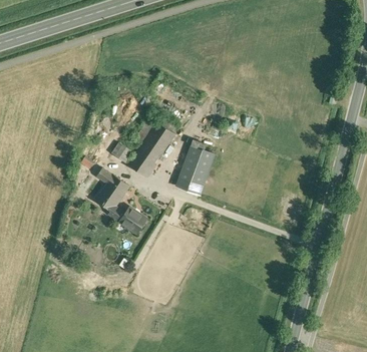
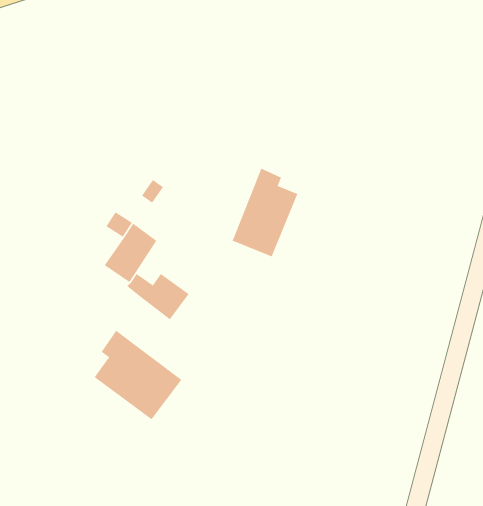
building: [127,122,179,177] -> none
building: none -> [94,330,182,420]

